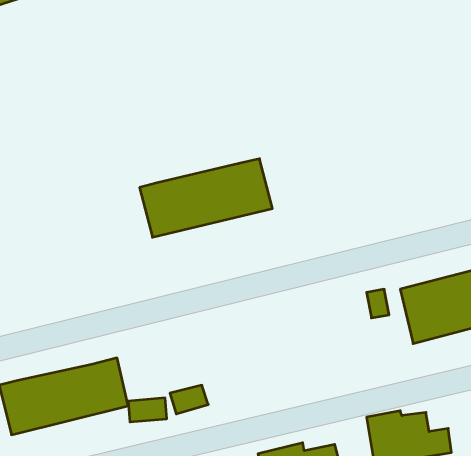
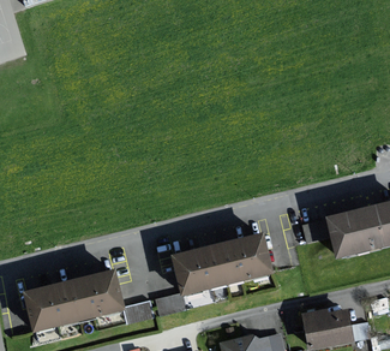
building: [140,159,272,237] -> [173,233,272,292]

